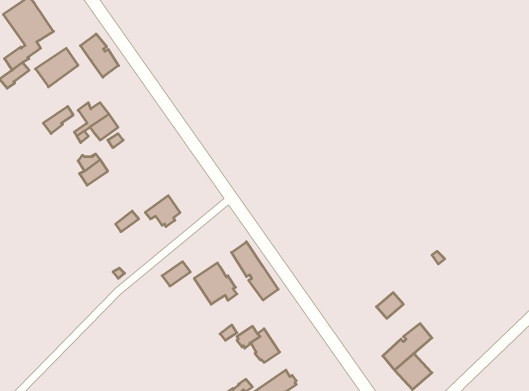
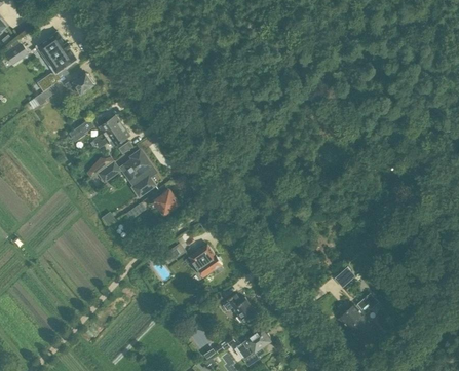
building: [80,34,119,77] -> none
building: none -> [121,150,155,196]
building: [231,242,278,300] -> none

